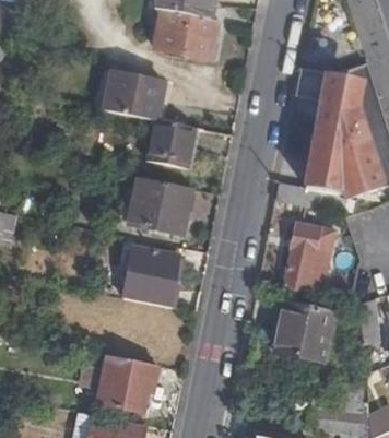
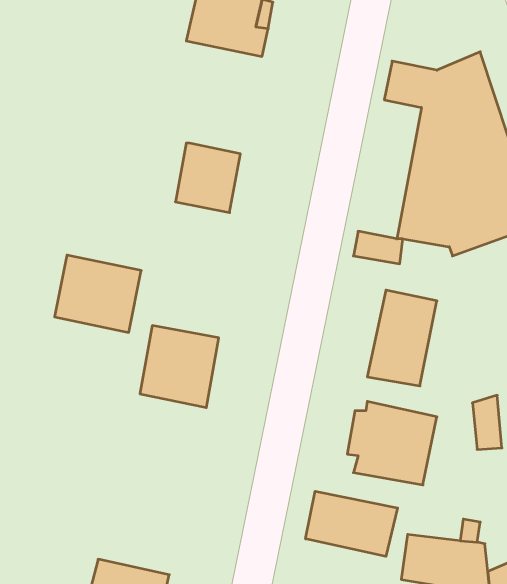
building: [104,73,165,120] -> none
building: [129,178,190,233] -> [55,255,141,332]
building: [97,356,160,413] -> none
building: none -> [306,491,398,556]

